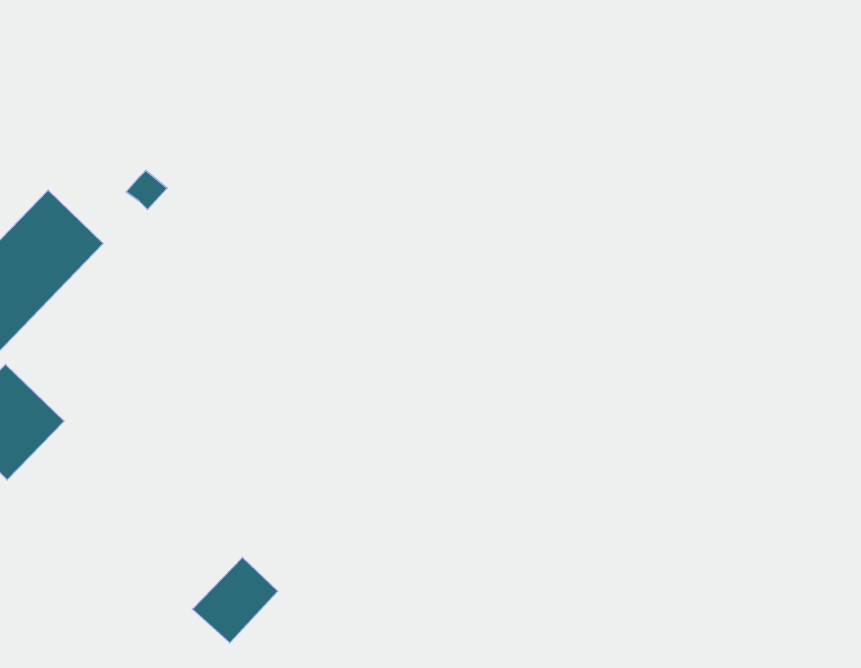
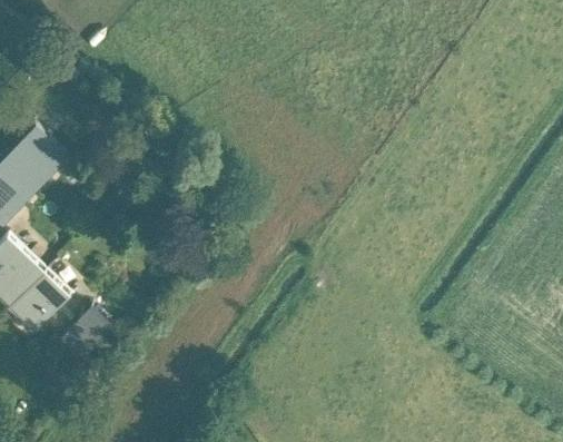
building: none -> [9,271,70,332]
building: [193,557,278,643] -> [59,307,112,361]

